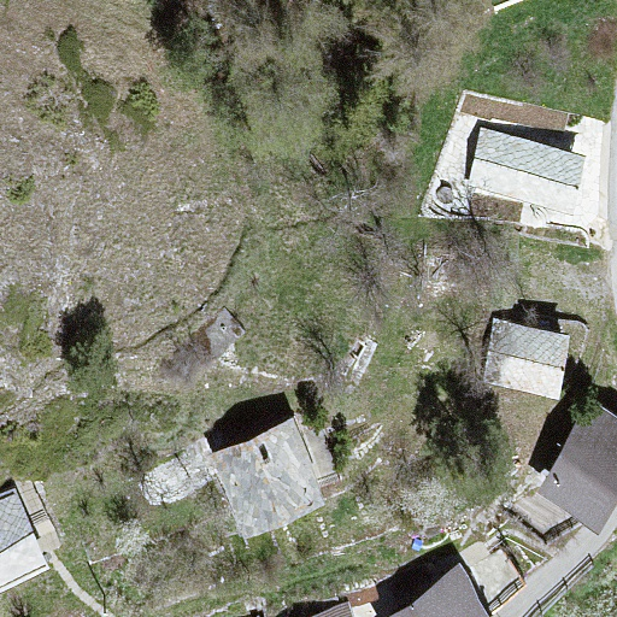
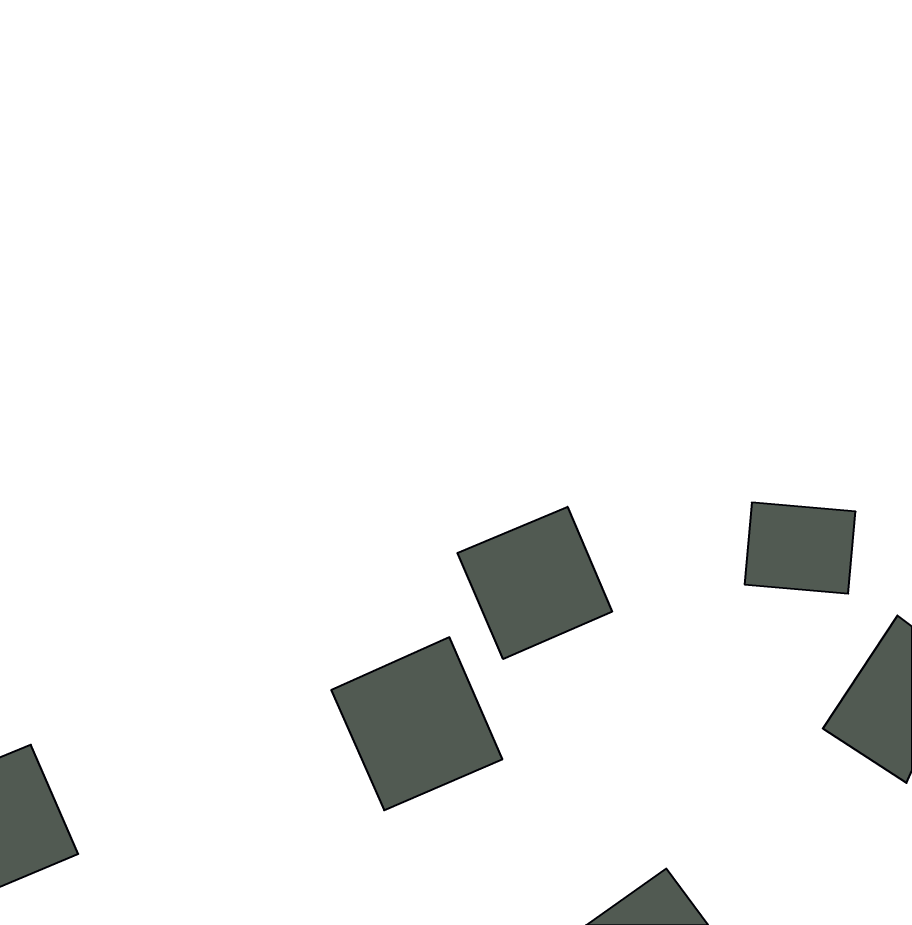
building: [466,134,572,207] -> none
building: none -> [457,507,612,659]

